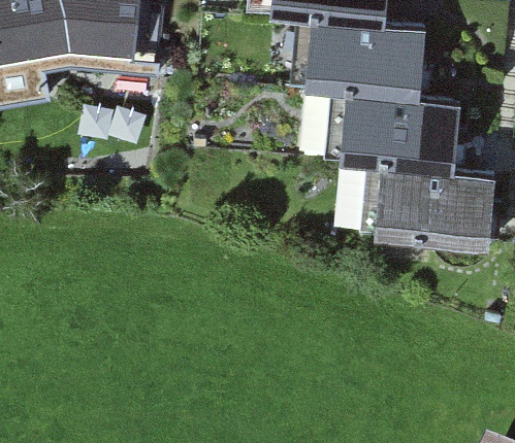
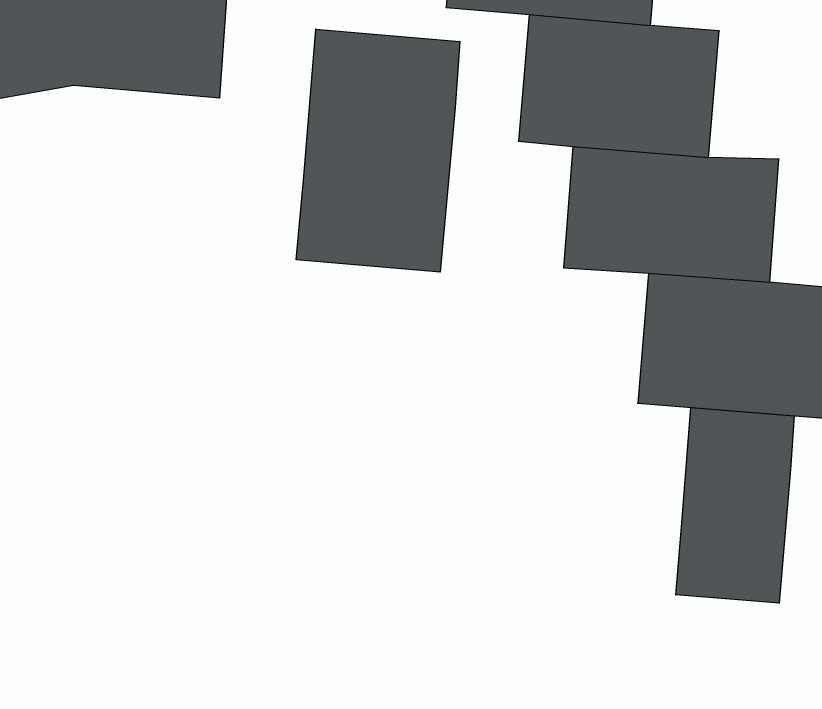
building: none -> [296,29,460,272]
building: none -> [676,408,794,603]

